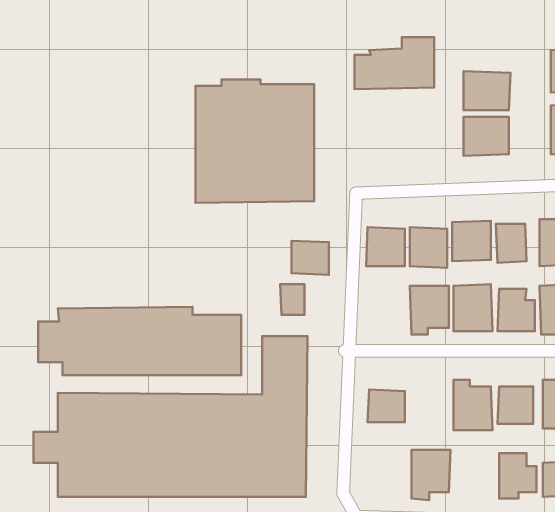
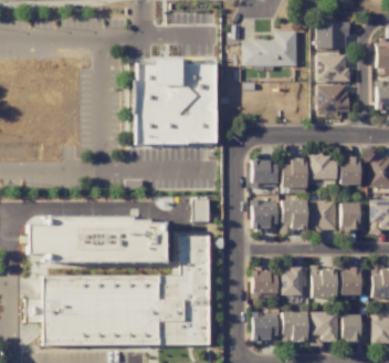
building: none -> [318,22,349,49]
building: [292,241,329,275] -> [253,205,278,228]
building: none -> [282,268,309,293]
building: none -> [312,312,339,344]
building: none -> [253,314,280,340]

